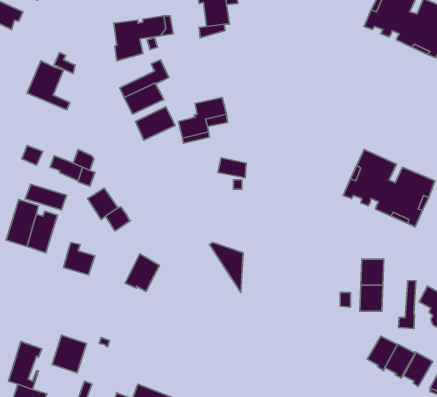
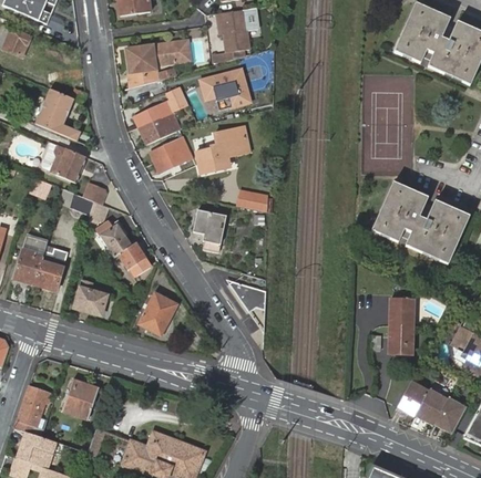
building: none -> [201,69,250,106]
building: none -> [53,145,90,183]
building: none -> [193,209,226,251]
building: [25,184,66,210] -> none
building: [399,281,416,328] -> none

